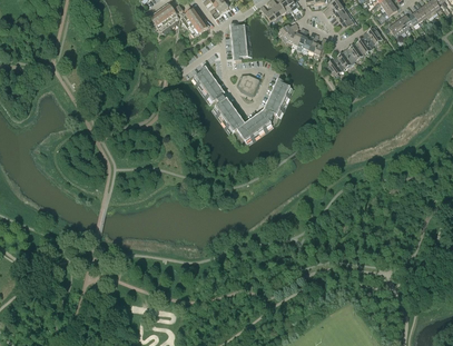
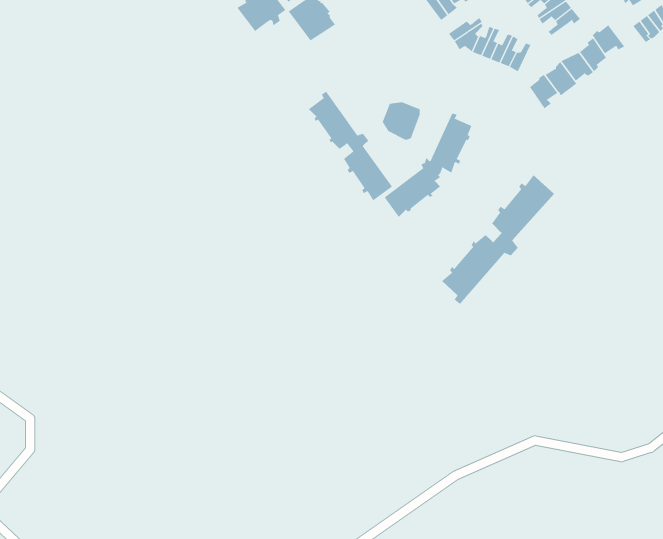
building: [232,22,250,59] -> none
building: none -> [441,174,555,305]

